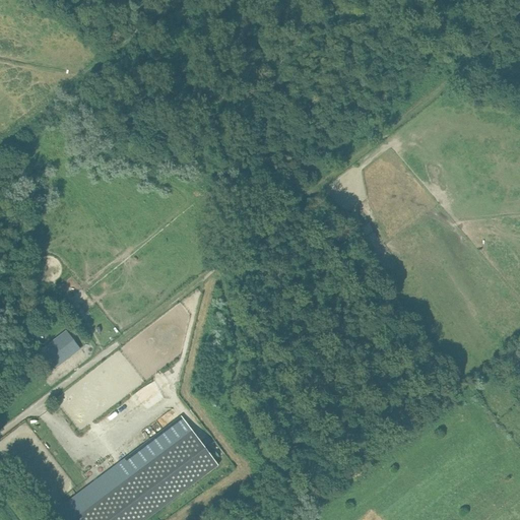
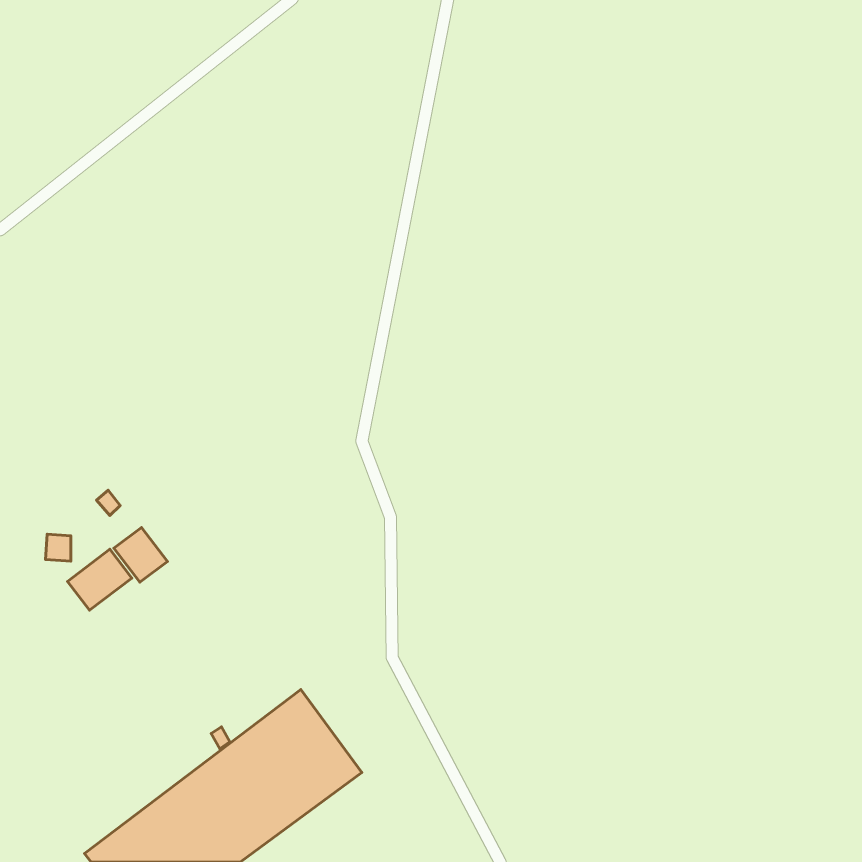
building: none -> [114,527,167,582]

